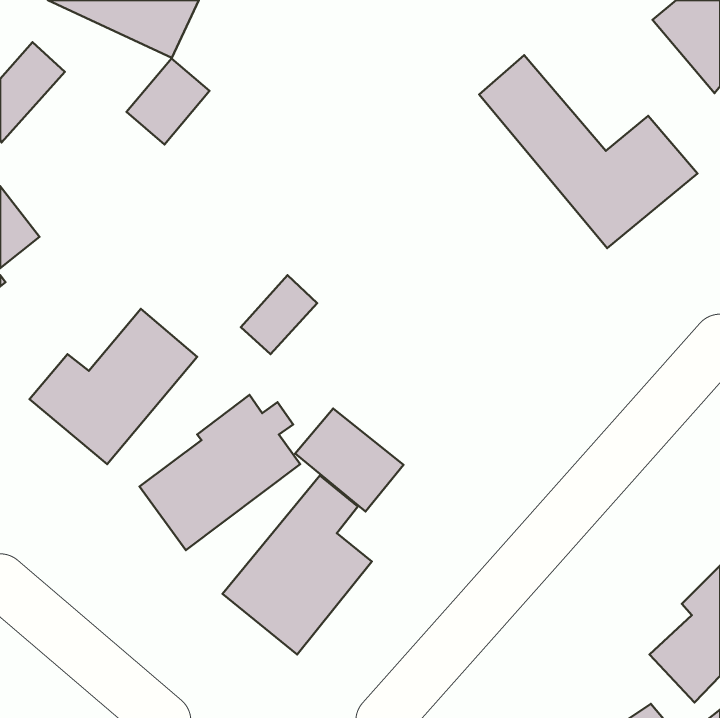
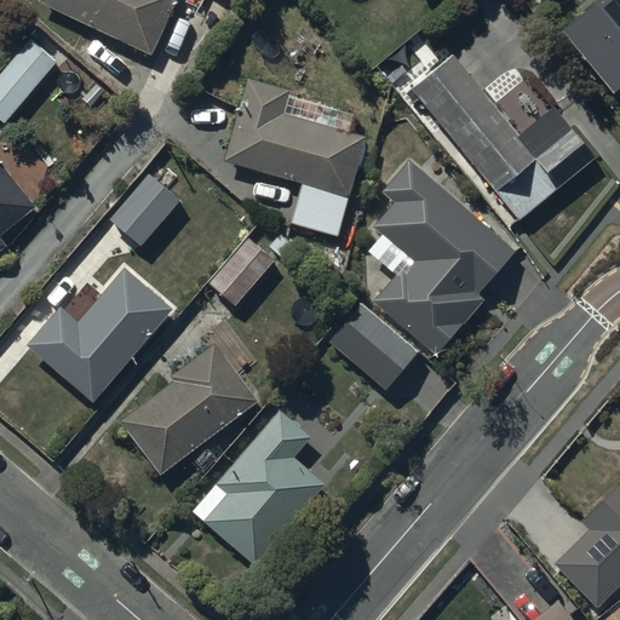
building: [126,58,210,144] -> [108,173,179,247]
building: none -> [224,78,367,236]
building: none -> [373,160,517,355]
building: [295,408,404,511] -> [325,302,418,390]

